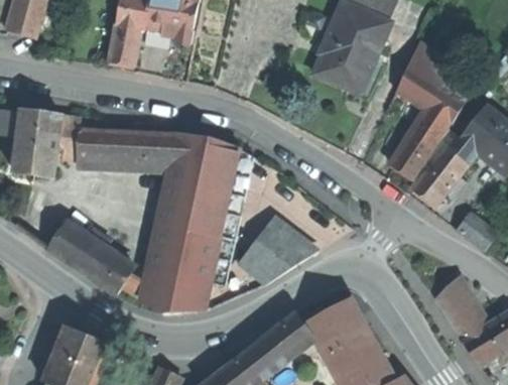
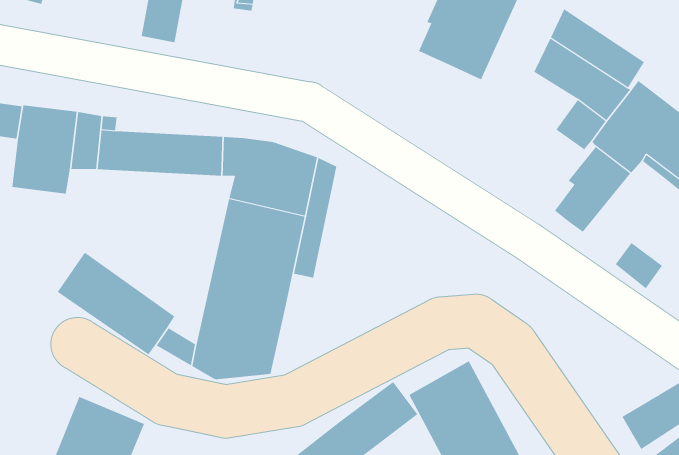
building: [390,129,434,178] -> none
building: [239,218,315,284] -> none
building: [433,275,489,340] -> none

